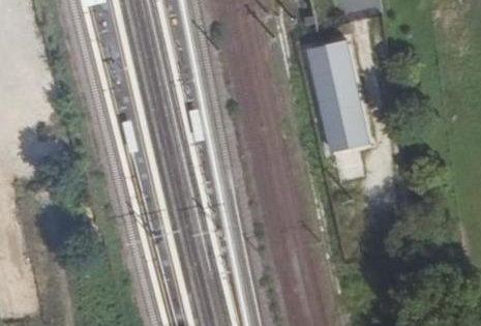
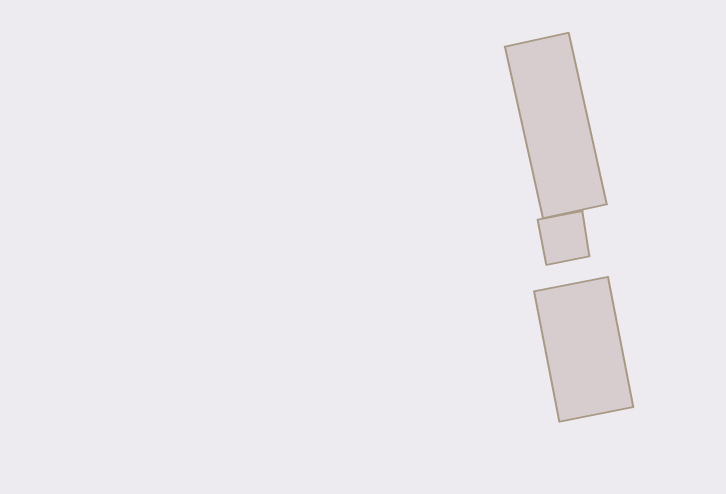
building: none -> [534,277,633,422]

